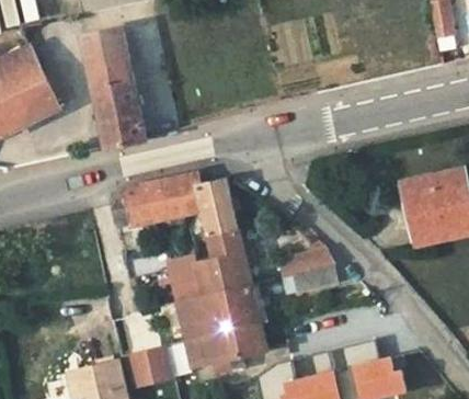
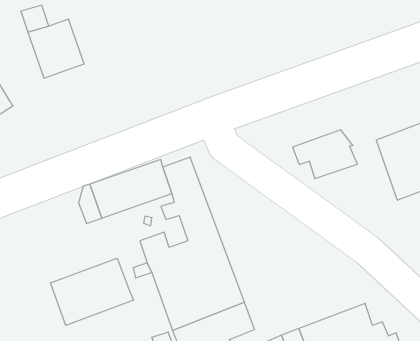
building: [92,76,146,148] -> none
building: [277,250,338,294] -> [293,130,357,179]
building: none -> [50,258,134,325]

